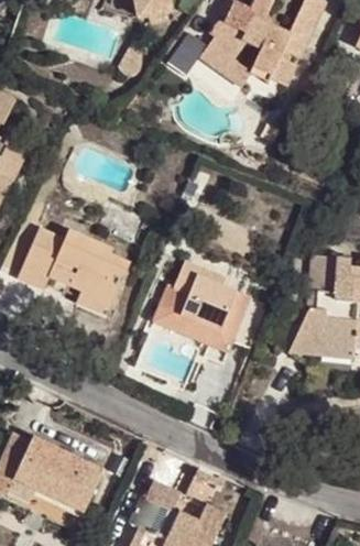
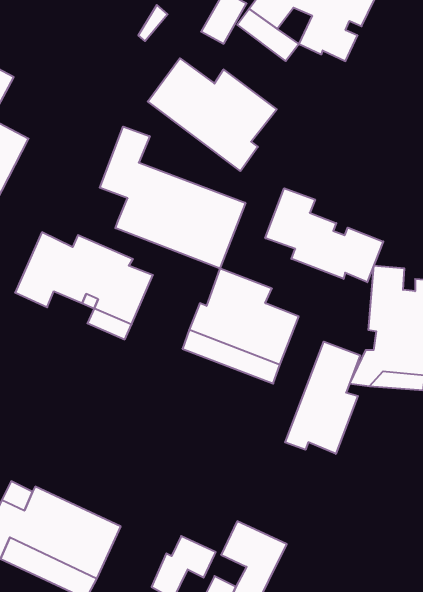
building: none -> [148,58,277,171]
building: none -> [100,127,245,268]
building: none -> [265,188,383,282]
building: none -> [285,342,360,454]

